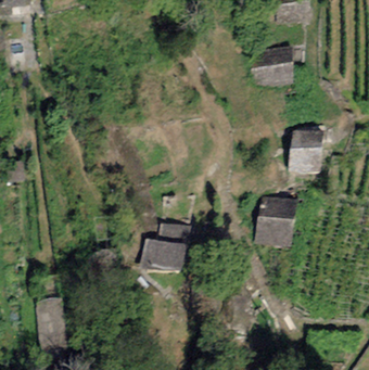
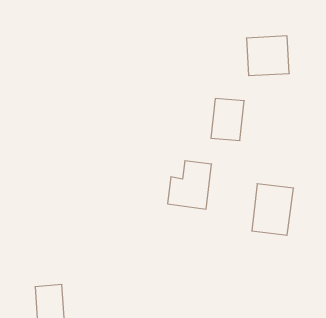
building: [289,130,322,173] -> [211,99,244,140]
building: [143,221,188,270] -> [168,161,212,209]

